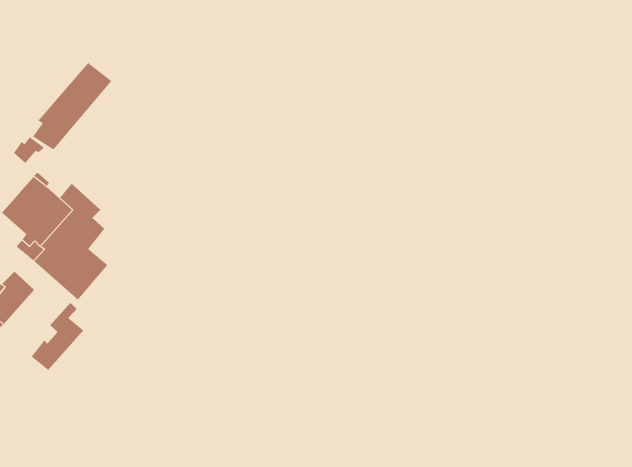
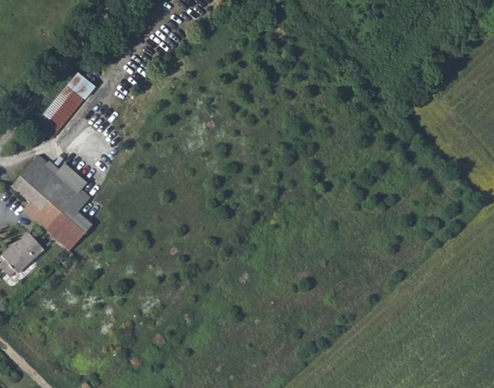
building: [31,302,84,371] -> none

